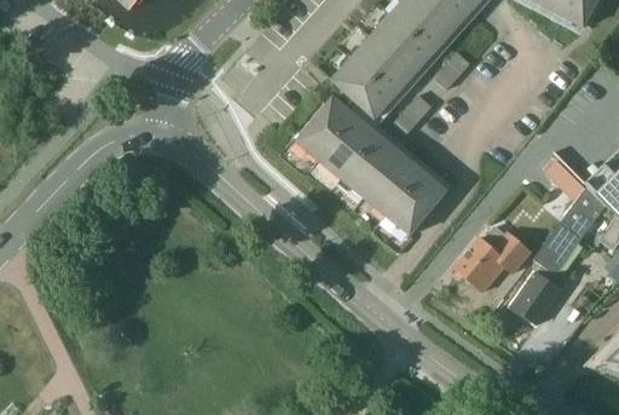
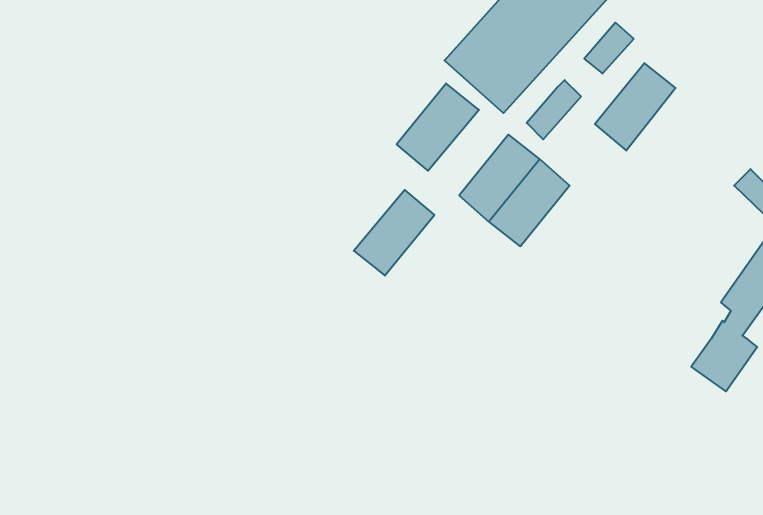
building: [319,116,378,179] -> [354,190,434,276]
building: [387,172,446,236] -> [595,63,676,151]
building: [455,225,532,292] -> none

